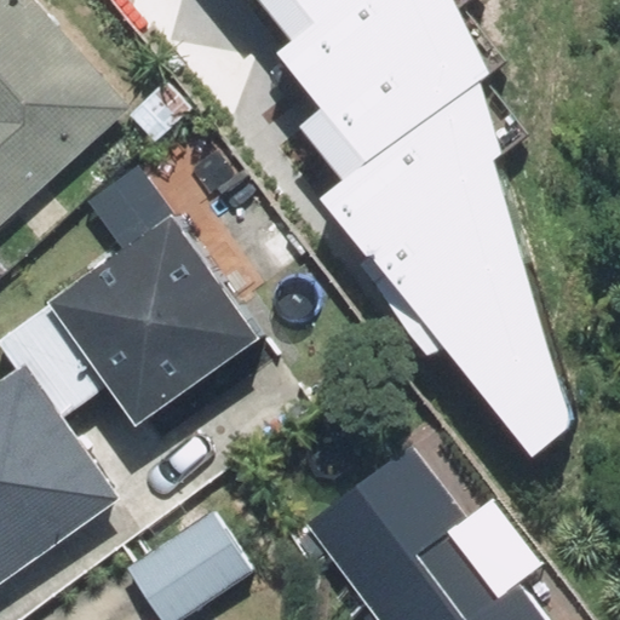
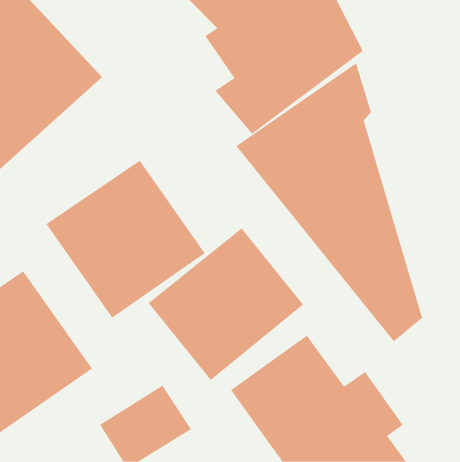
building: none -> [148,228,304,381]

